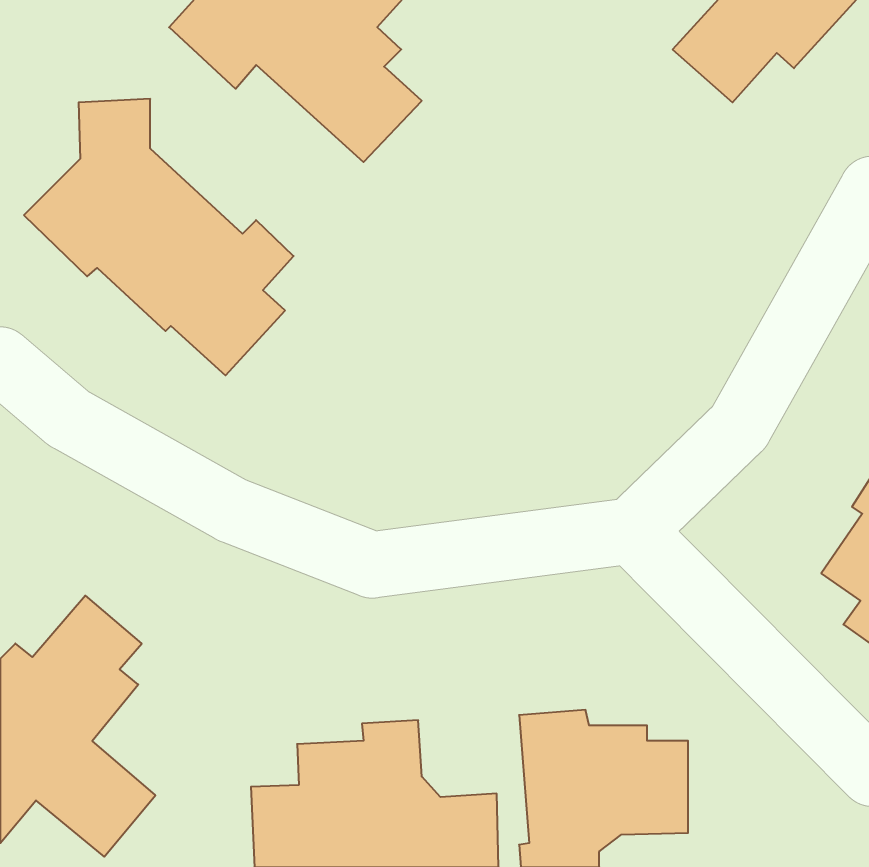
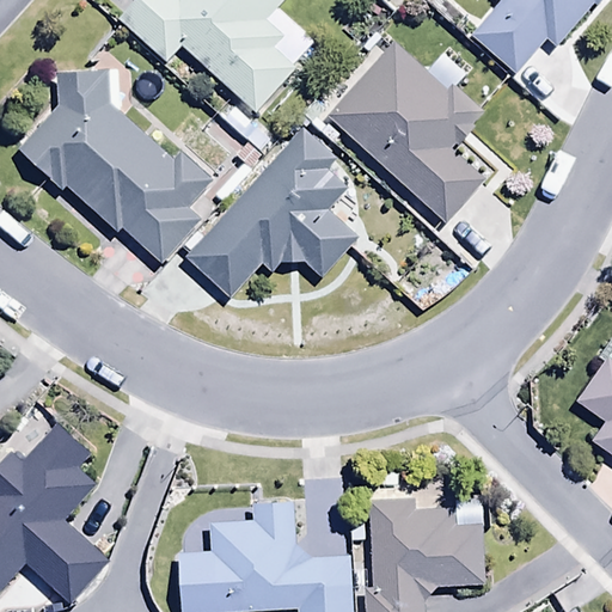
building: none -> [328,42,486,222]
building: none -> [184,128,359,299]

